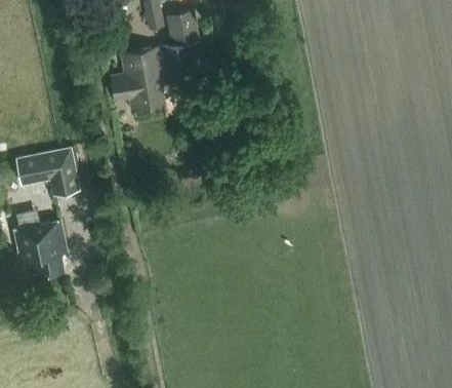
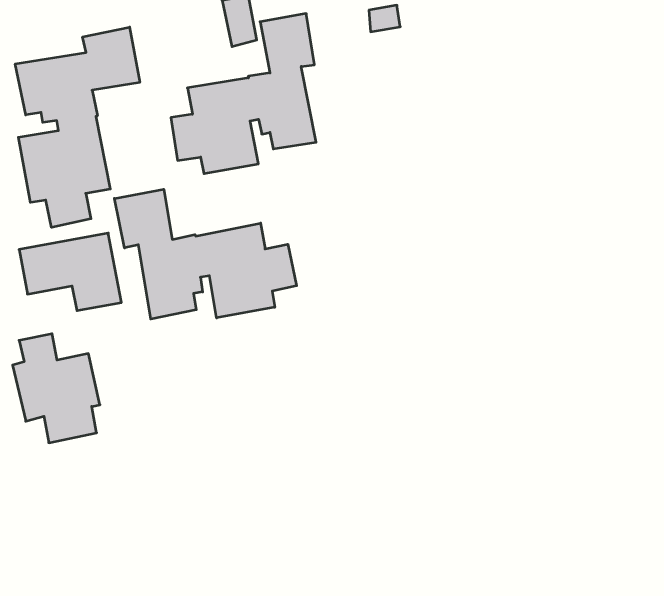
building: none -> [15,27,140,227]
building: none -> [114,189,297,319]

